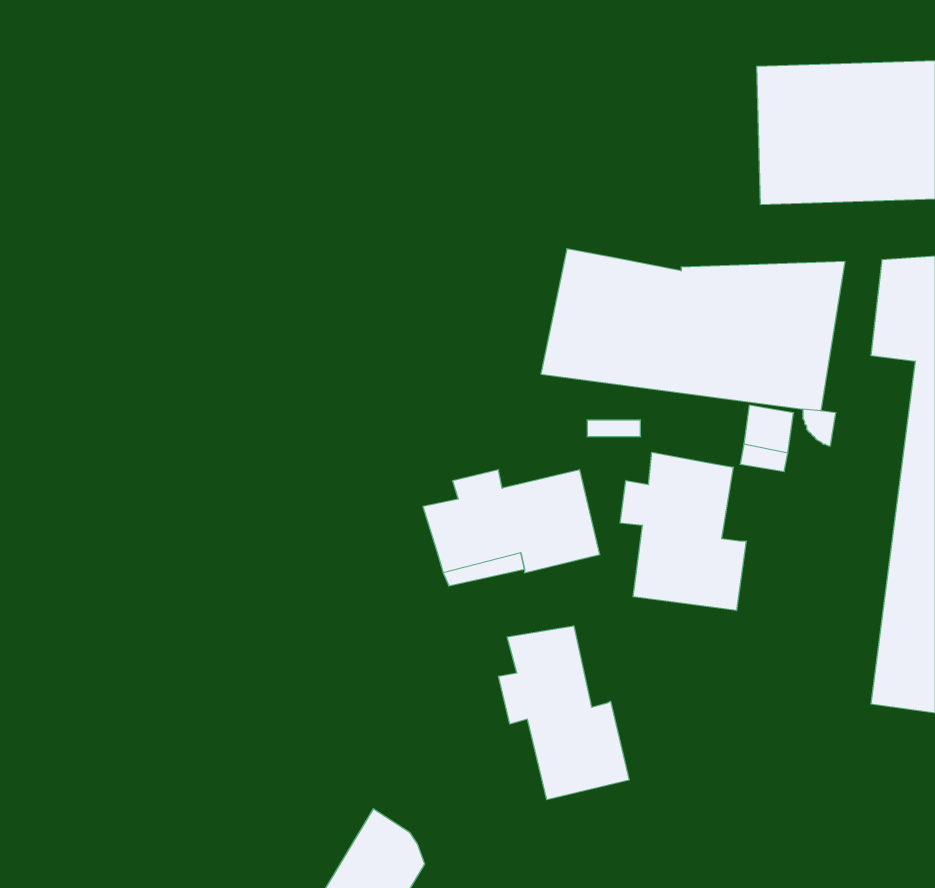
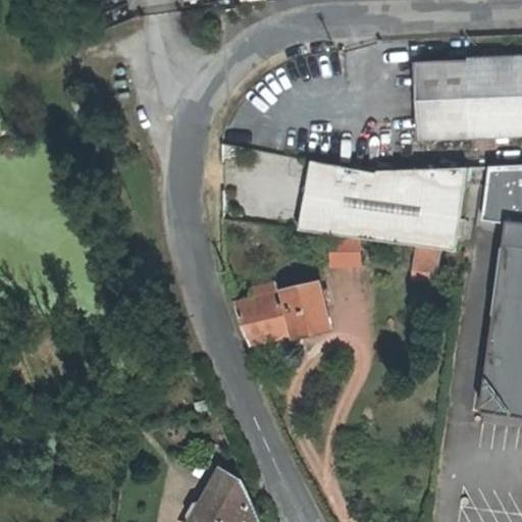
building: [620,452,746,611] -> none
building: [499,626,629,800] -> none

